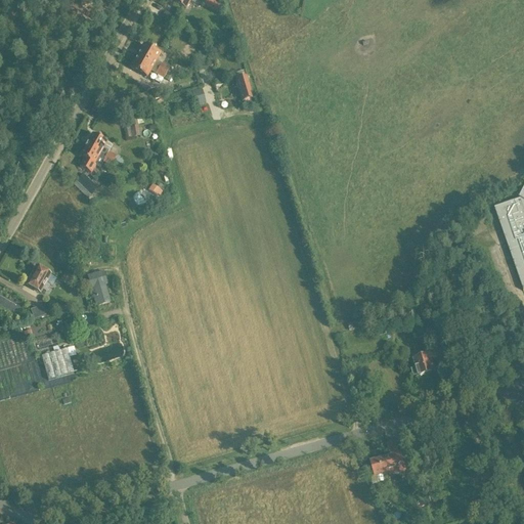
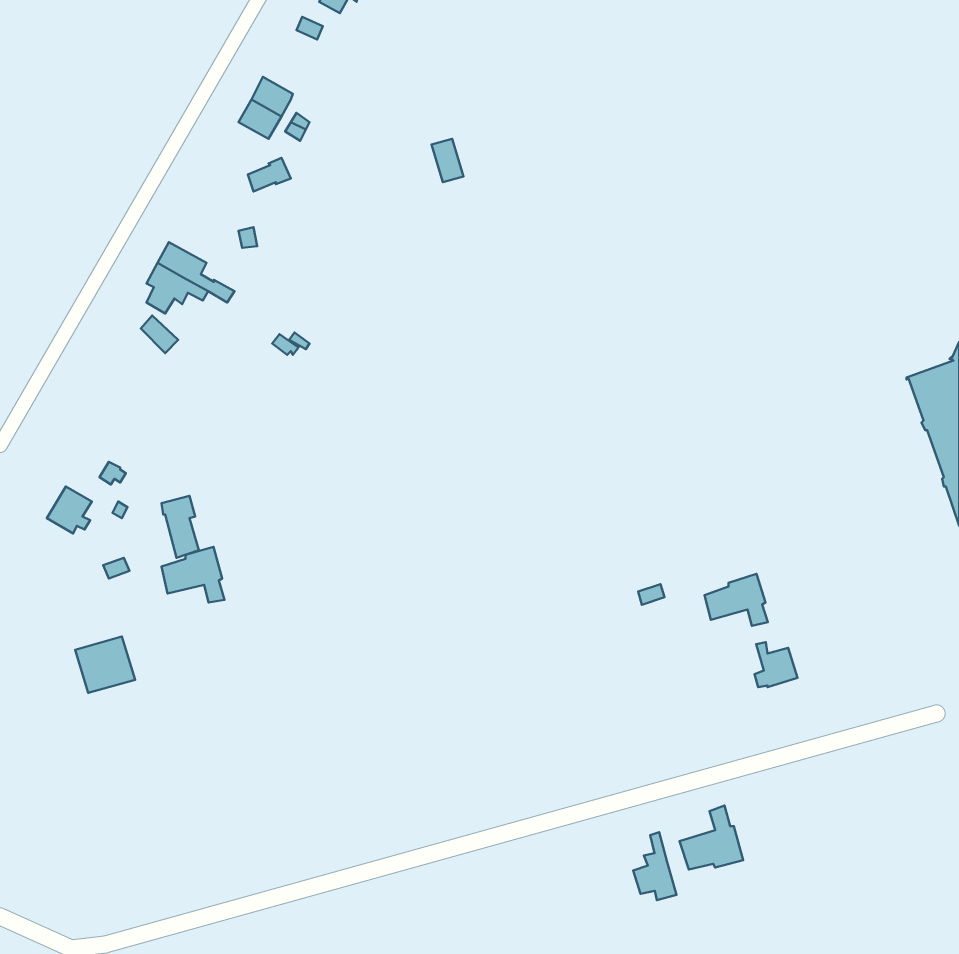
building: none -> [161,547,224,603]
building: none -> [705,574,768,626]
building: none -> [633,832,677,900]

